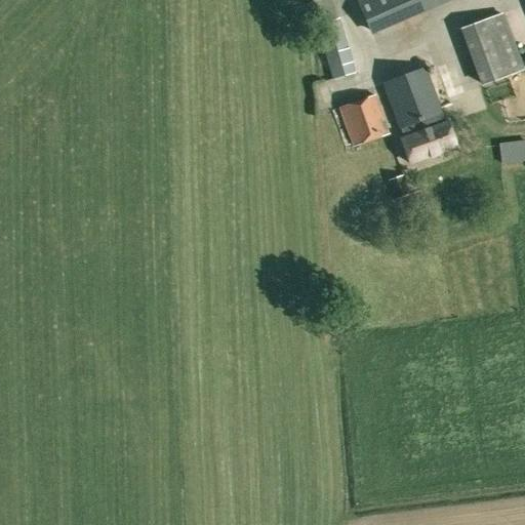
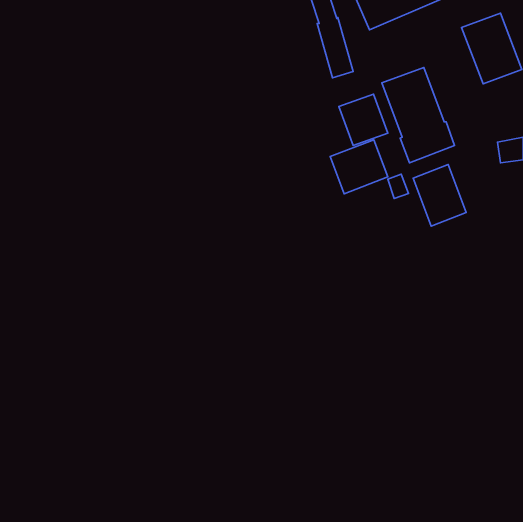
building: none -> [330,140,388,194]
building: none -> [413,165,466,226]

